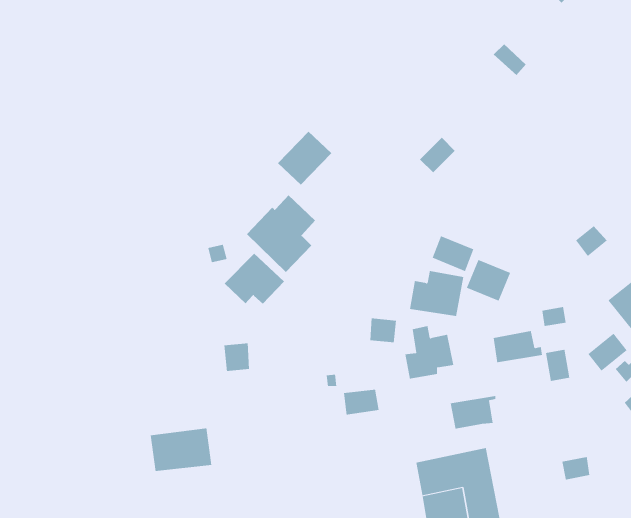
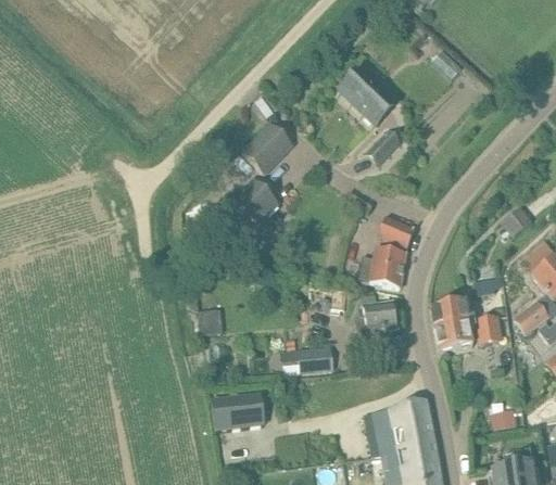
building: none -> [344,71,395,120]
building: [224,253,285,305] -> none
building: [466,259,511,302] -> none
building: [450,396,496,429] -> [435,320,476,349]
building: [150,428,212,471] -> [212,392,266,430]

